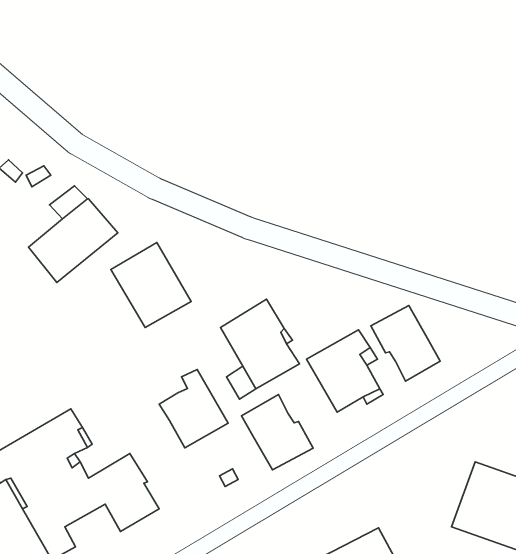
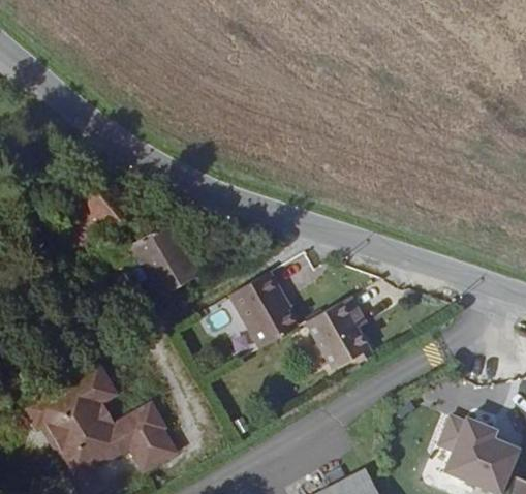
building: [371,306,440,381] -> none
building: [159,369,228,448] -> none
building: [241,394,313,470] -> none

